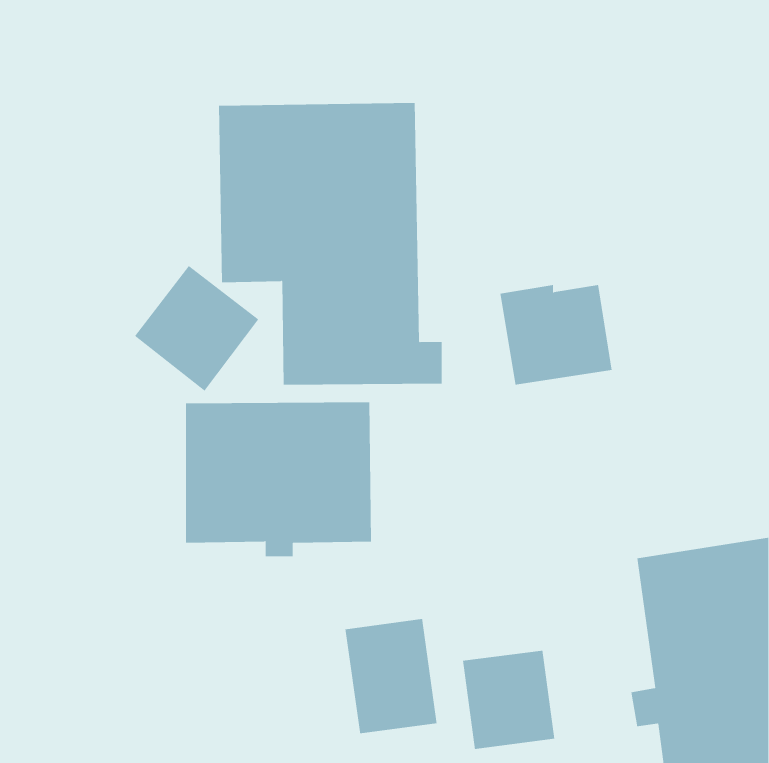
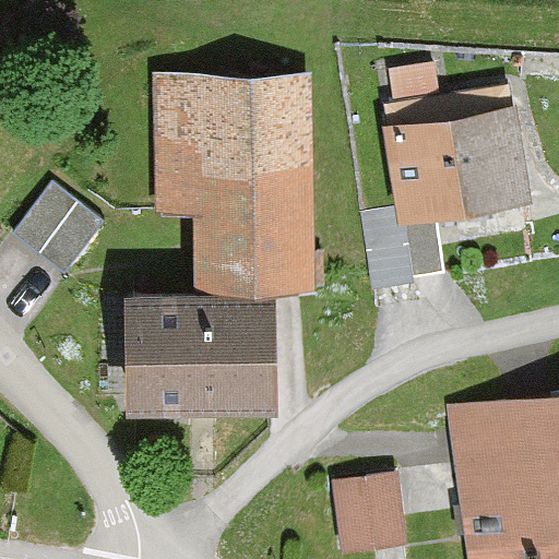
building: none -> [390,90,521,206]
building: [134,265,259,392] -> [13,182,104,274]
building: [345,618,437,734] -> none

